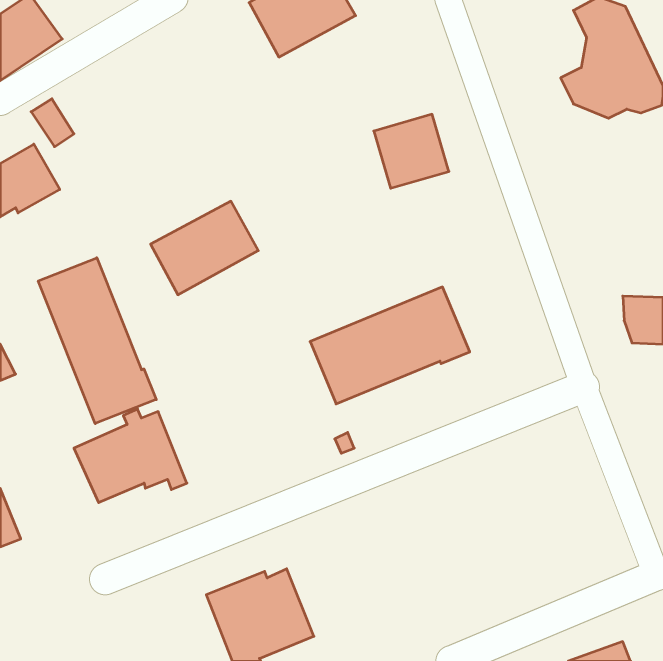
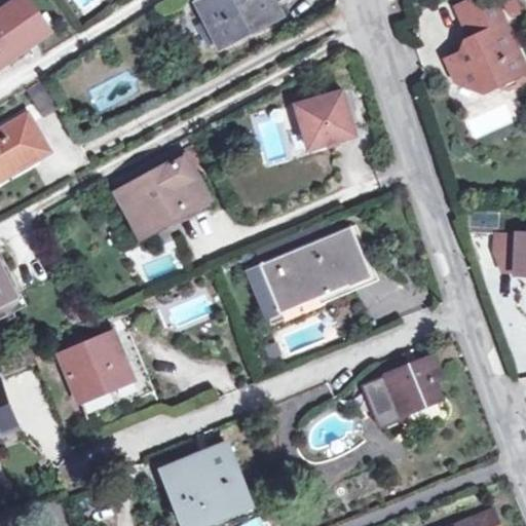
building: [38,258,156,424] -> none
building: none -> [362,355,442,427]

